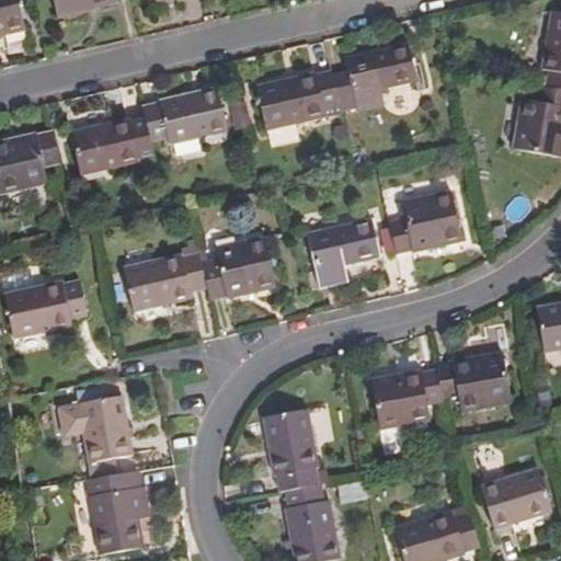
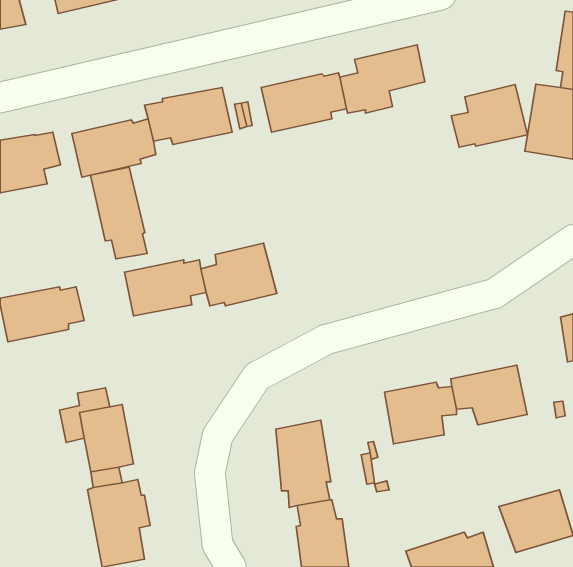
building: none -> [90,167,147,259]
building: [385,195,459,256] -> [451,85,528,147]
building: [302,221,375,289] -> none

